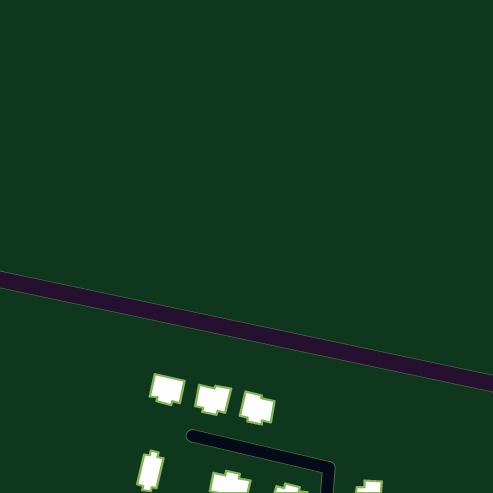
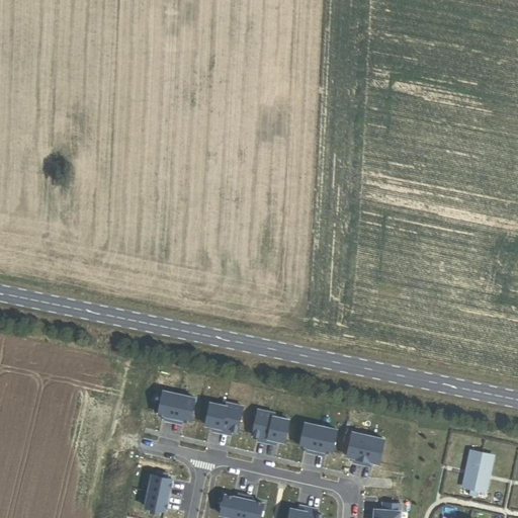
building: none -> [299,423,337,455]
building: none -> [347,432,383,465]
building: none -> [458,450,489,491]

